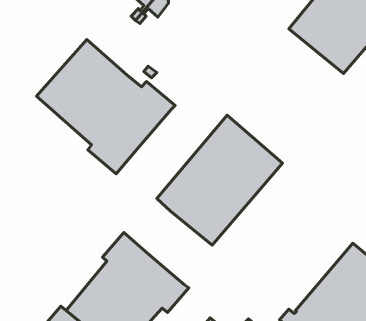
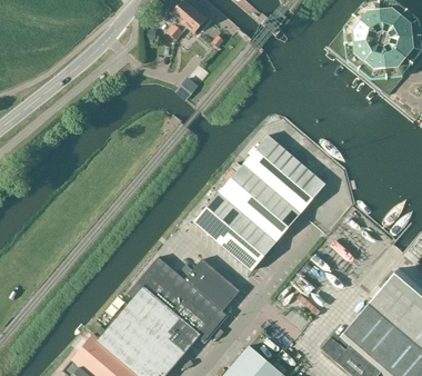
building: [36,39,175,174] -> none
building: none -> [185,259,241,311]

